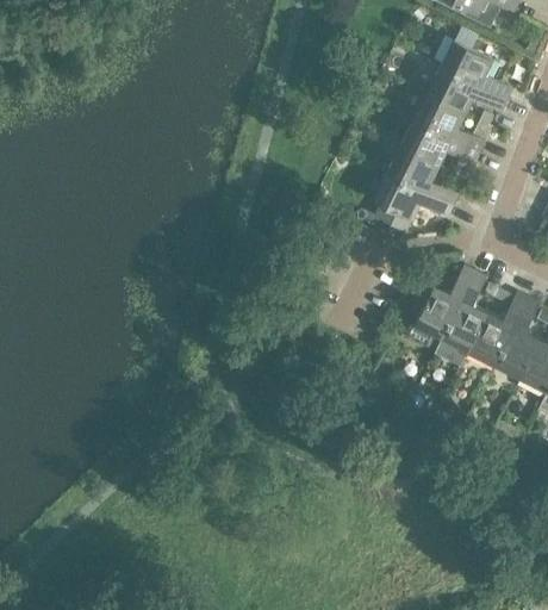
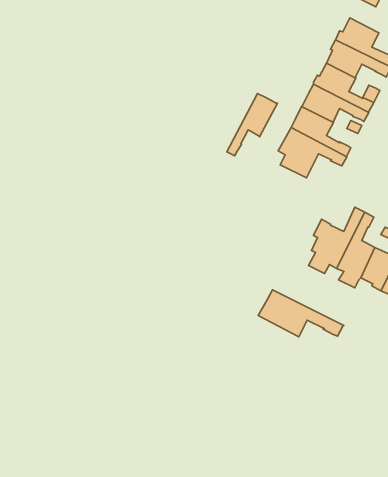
building: none -> [227,94,278,156]
building: none -> [258,290,344,337]

